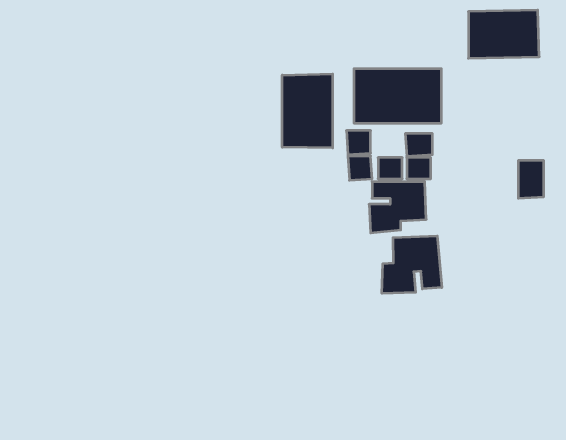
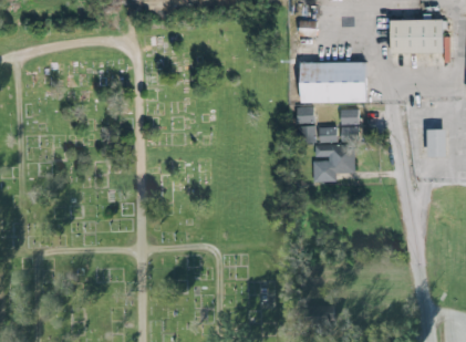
building: [282,74,333,148] -> none
building: [382,236,442,293] -> none

